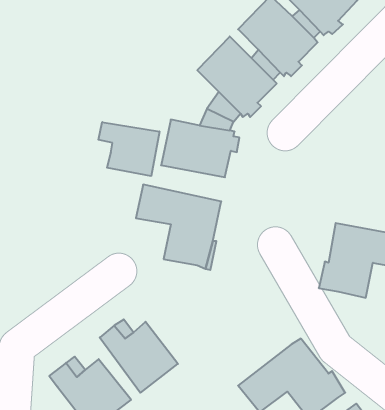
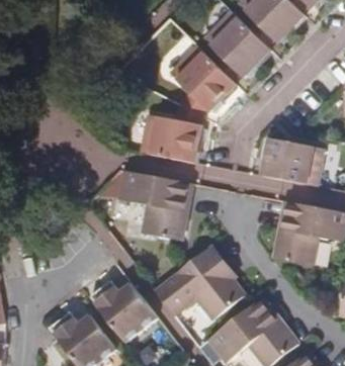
building: [98,122,159,176] -> none
building: none -> [262,139,324,187]
building: none -> [153,246,243,317]

